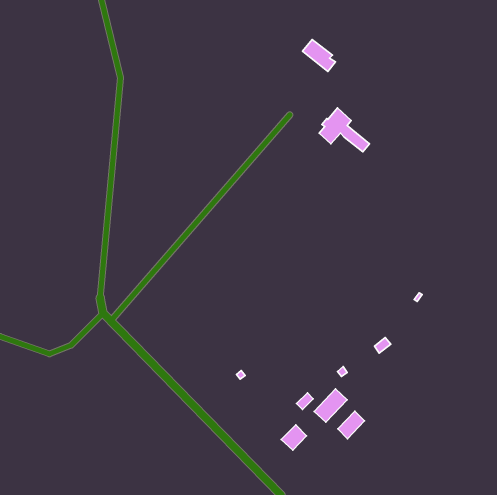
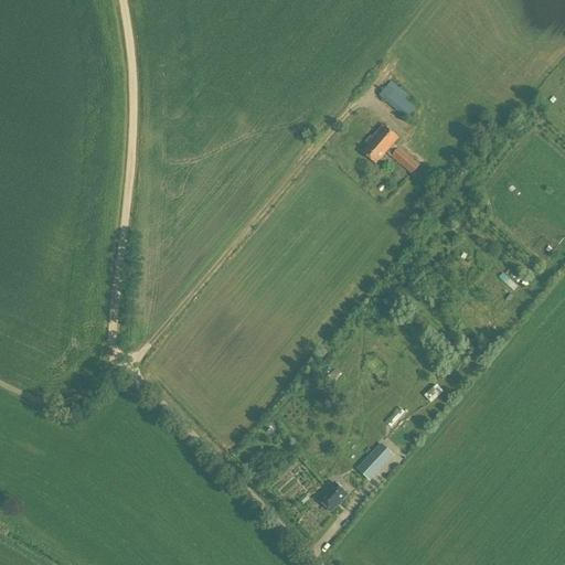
building: [302,40,335,72] -> [379,81,416,117]
building: [338,411,365,439] -> none

